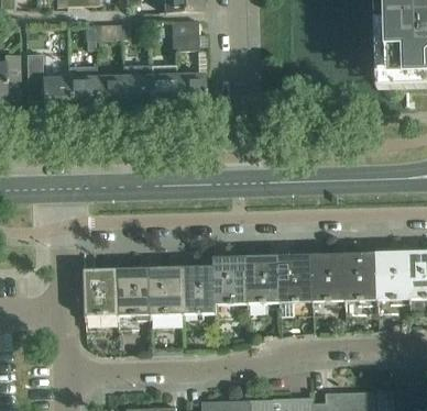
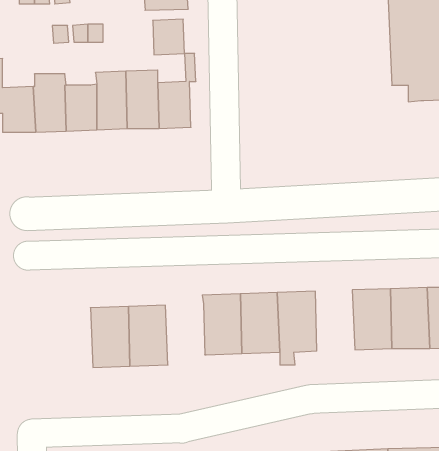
building: [311,252,346,304] -> none
building: [182,264,217,316] -> none
building: [84,267,119,320] -> none

